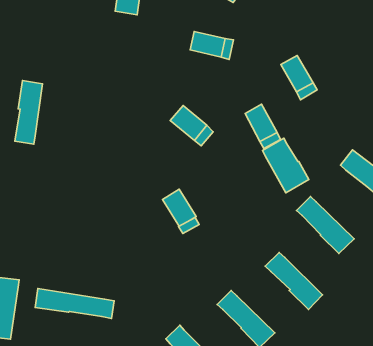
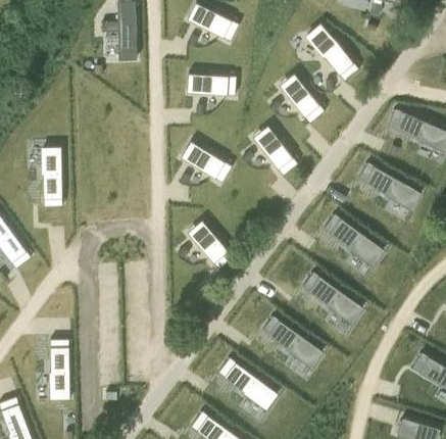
building: none -> [319,36,354,71]
building: [263,138,309,193] -> none
building: [35,289,114,318] -> none

